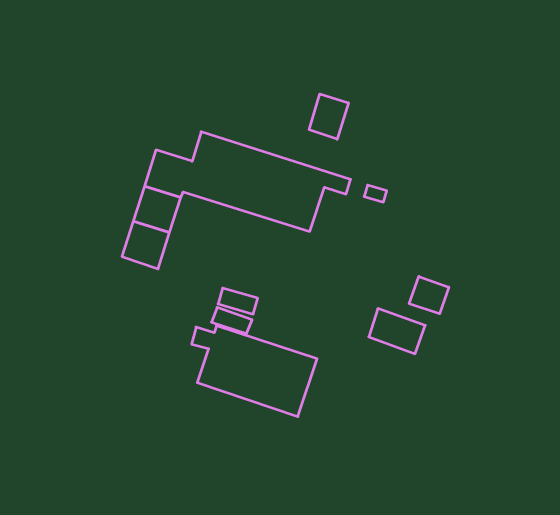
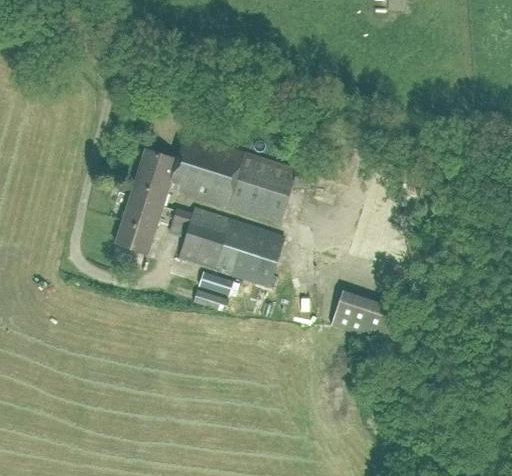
building: [309,94,348,139] -> none
building: [409,276,449,314] -> none
building: [192,326,317,417] -> [173,208,284,288]

